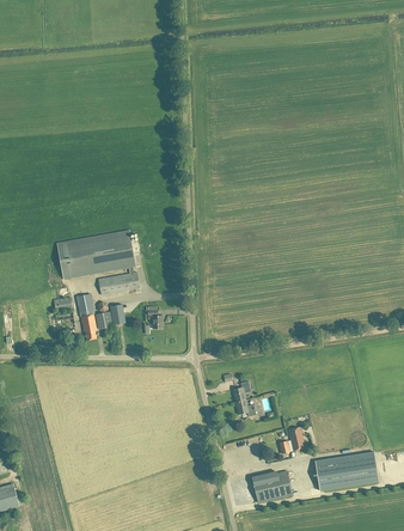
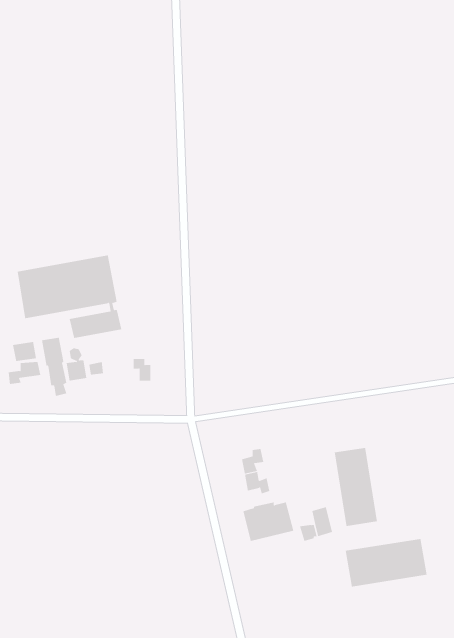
building: none -> [334,447,377,527]
building: [251,470,292,501] -> [242,502,294,542]

